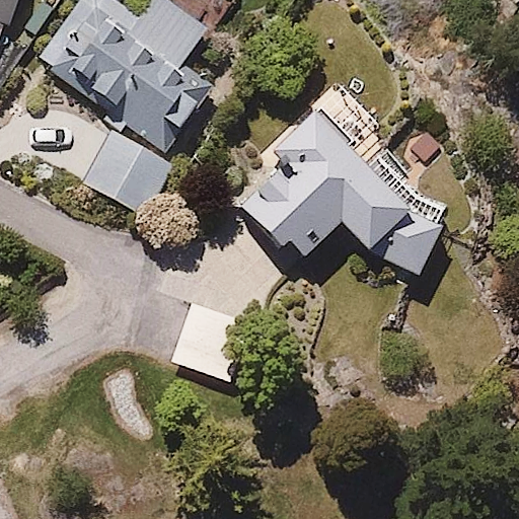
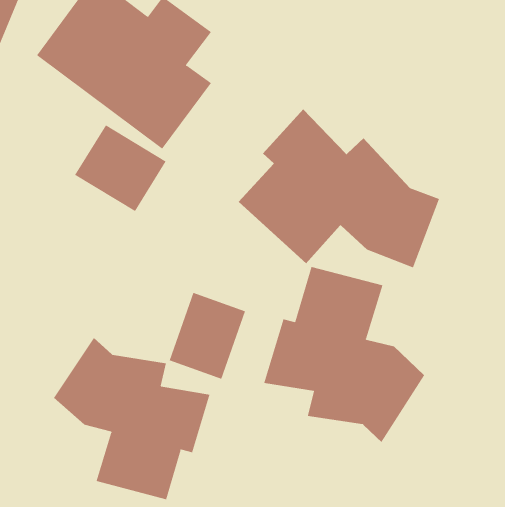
building: none -> [263,266,425,443]
building: none -> [53,337,210,500]

